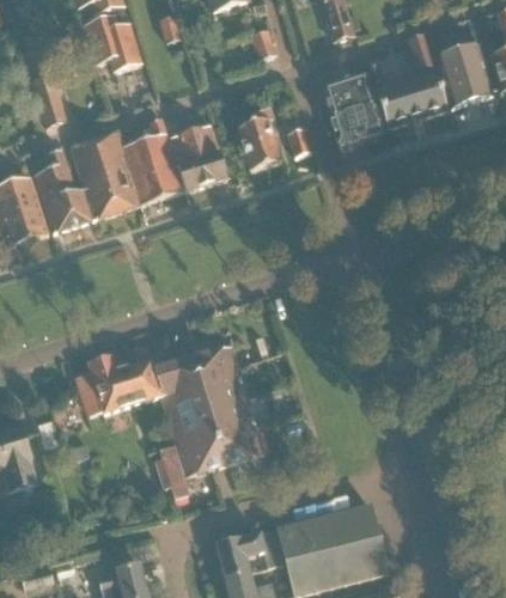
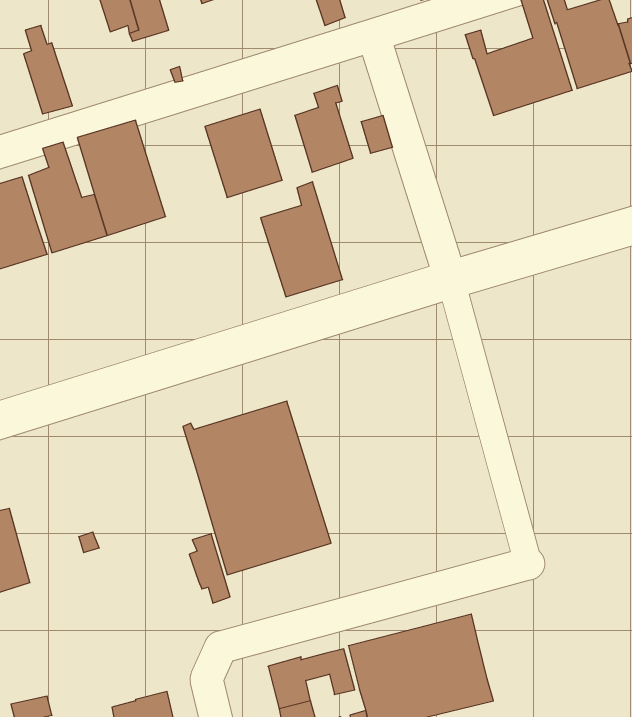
building: [321,72,383,144] -> none
building: [122,117,184,205] -> [261,182,343,297]
building: [78,344,161,414] -> none

